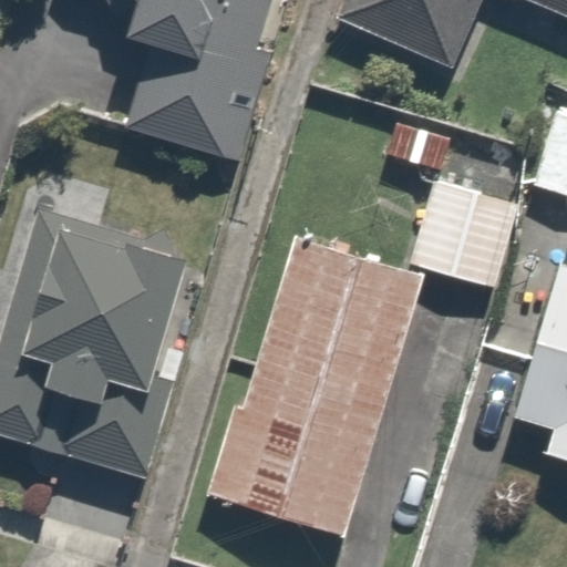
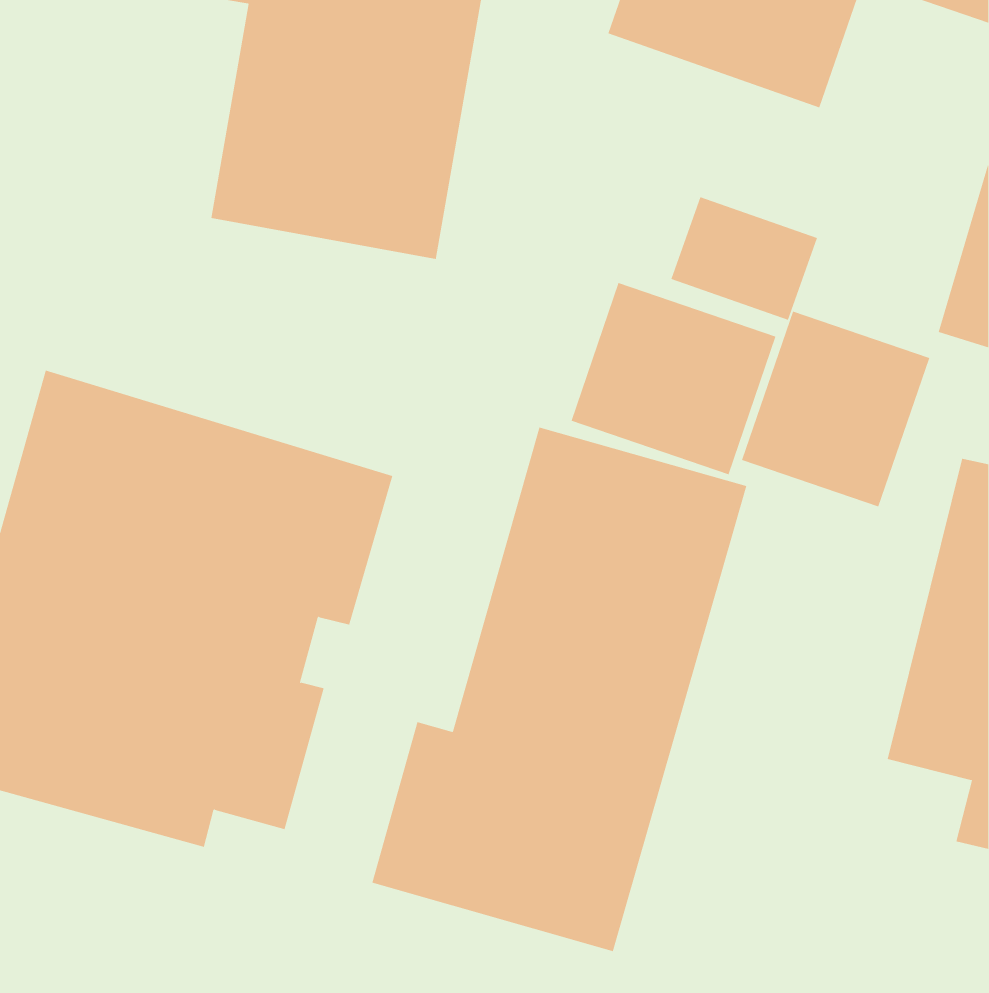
building: none -> [571,282,776,475]

